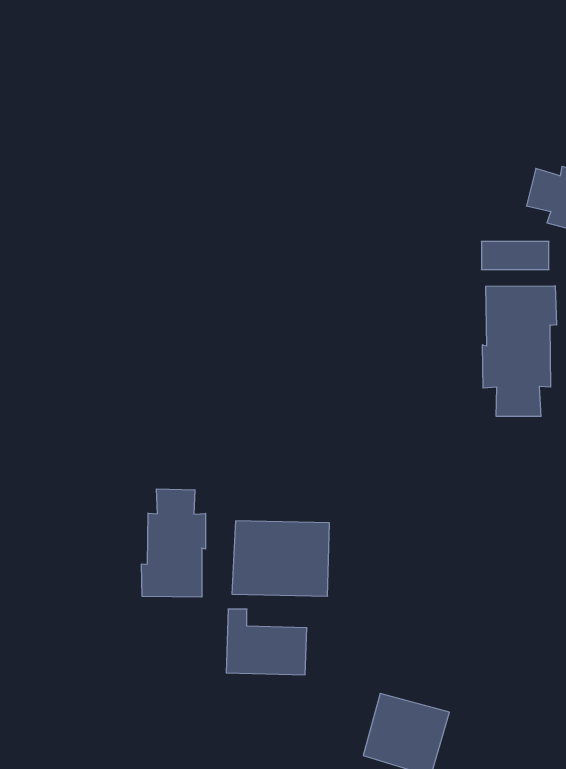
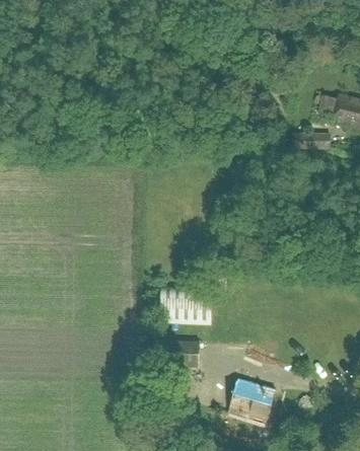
building: [483,286,557,416] -> none
building: [142,489,206,597] -> none

